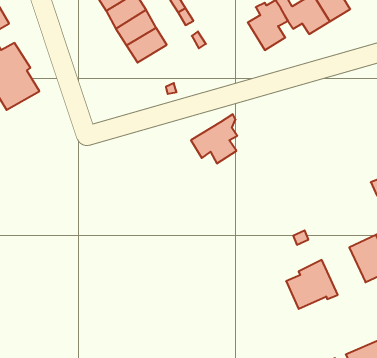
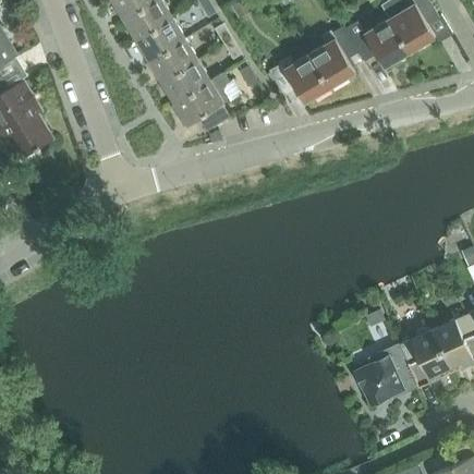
building: none -> [267,54,329,104]
building: [191,114,237,163] -> [173,72,230,132]
building: none -> [399,327,452,387]

